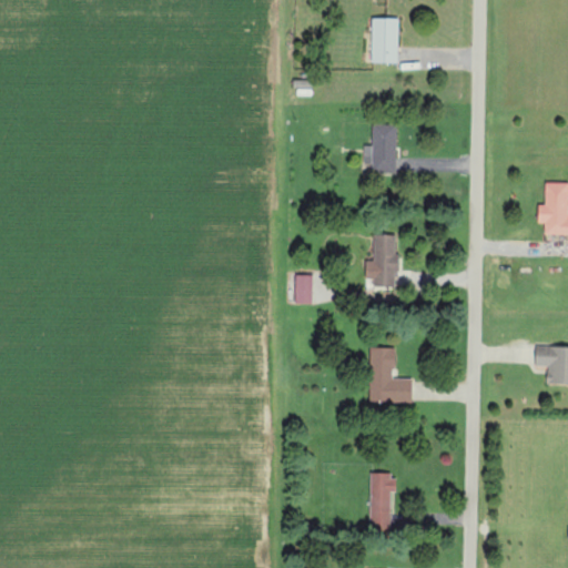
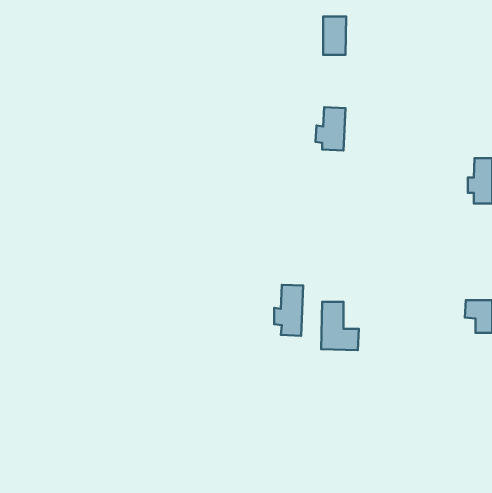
building: [365,233,398,292] -> [274,285,303,336]
building: [294,274,313,303] -> none
building: [368,473,394,529] -> none

